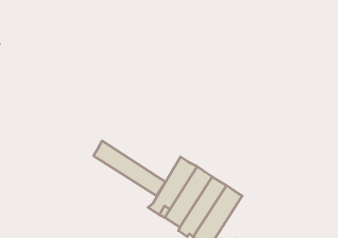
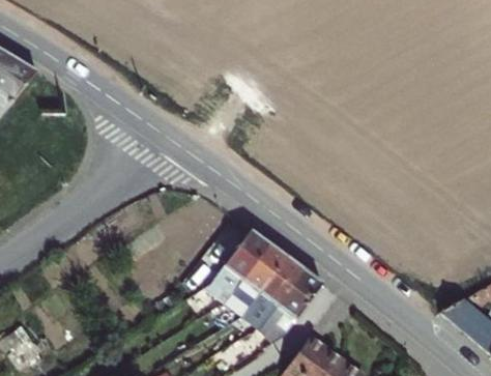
building: [94,141,166,196] -> none

